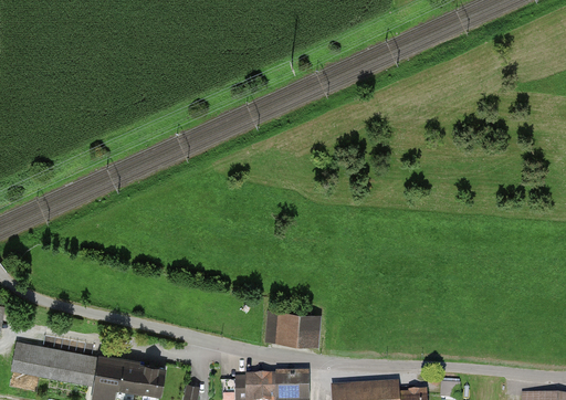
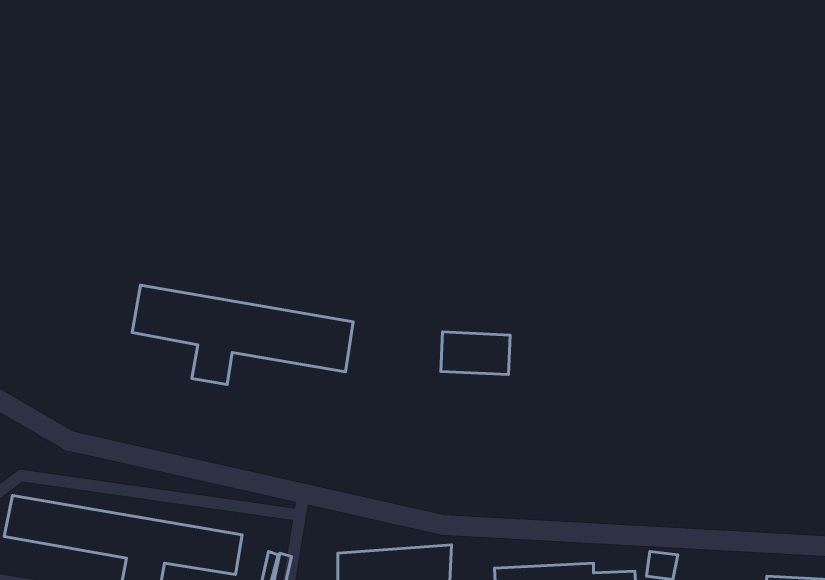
building: none -> [132,285,353,384]
building: [274,314,321,343] -> [441,332,510,375]

